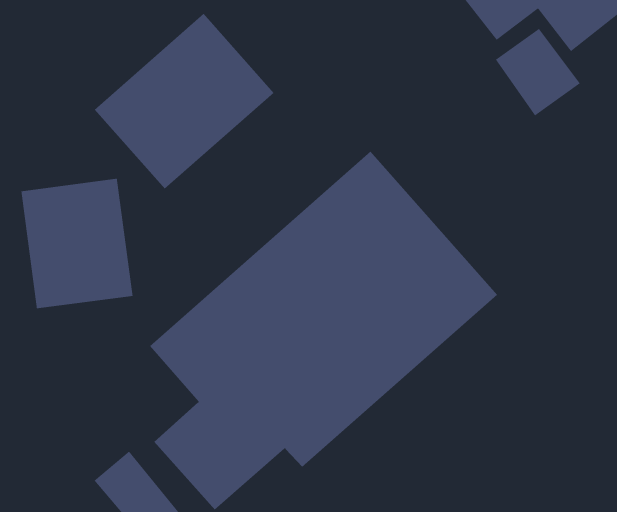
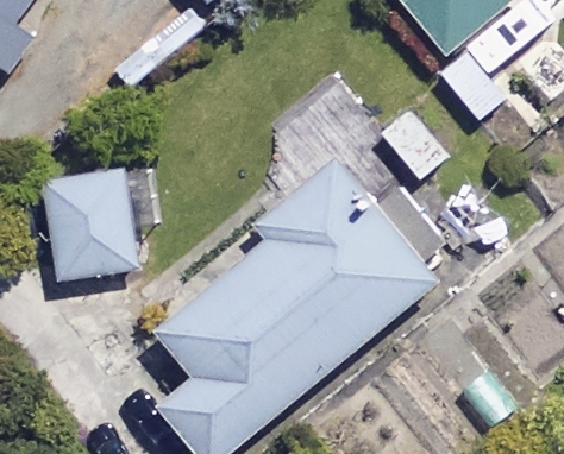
building: [94,13,274,190] -> none

